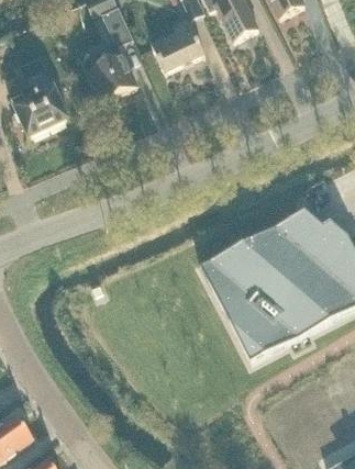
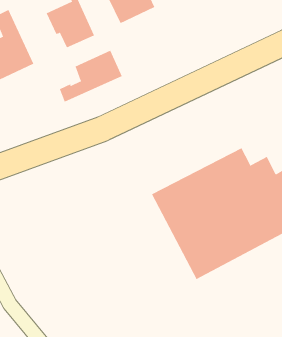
building: none -> [59,50,122,103]

